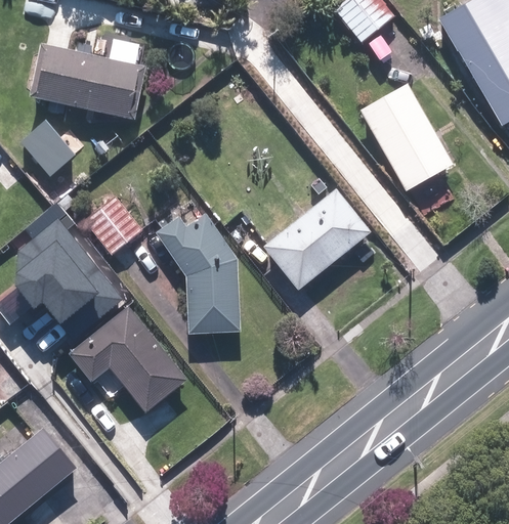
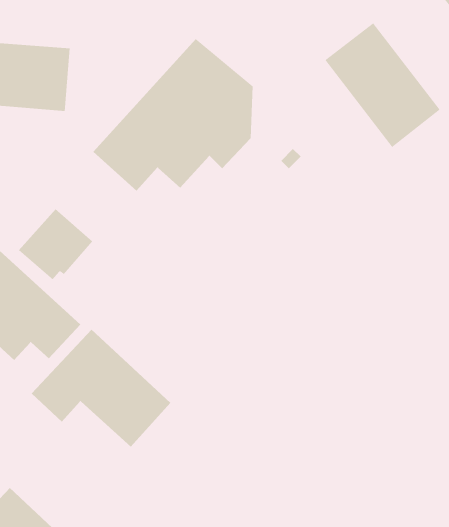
building: none -> [92,38,253,191]
building: [262,186,371,290] -> none
building: [156,213,241,334] -> none

